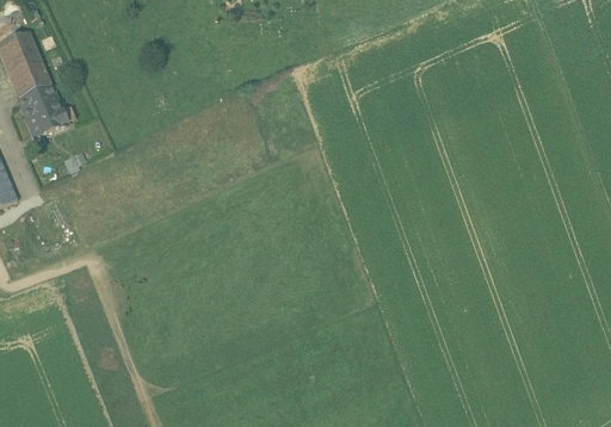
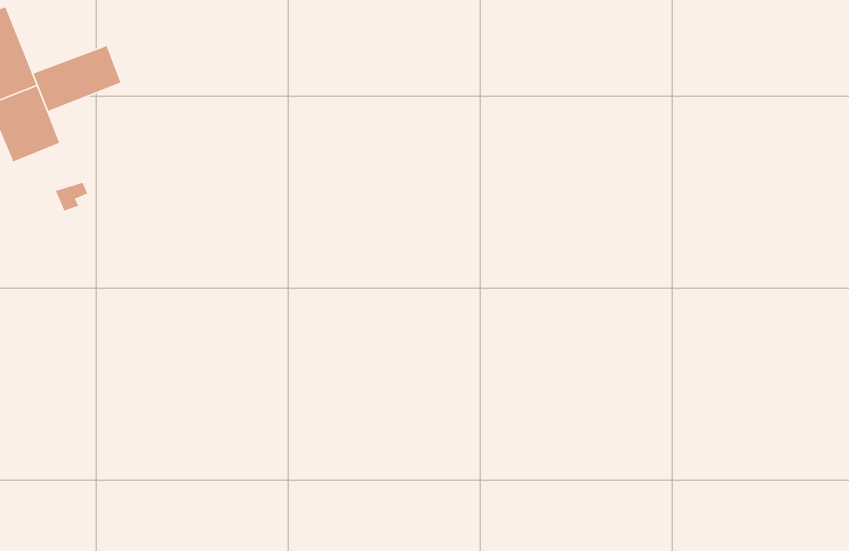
building: none -> [33,45,121,112]

